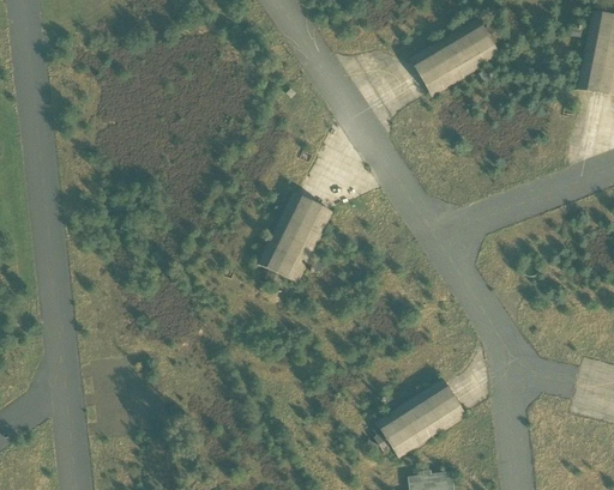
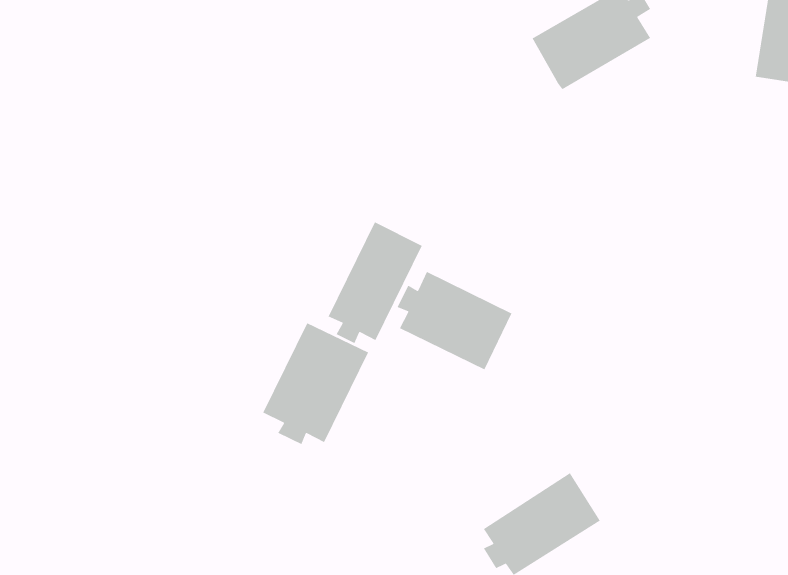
building: none -> [397,271,513,371]
building: none -> [262,322,369,445]

